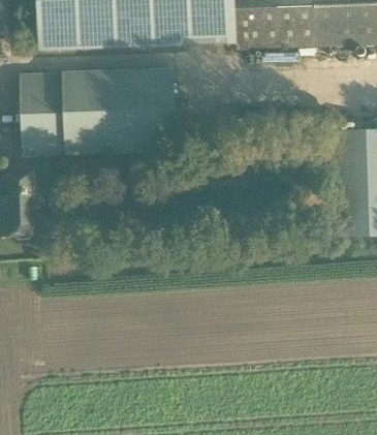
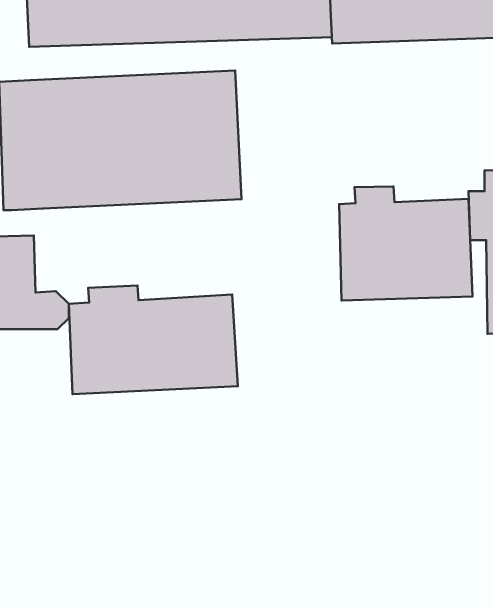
building: none -> [339,186,472,300]
building: none -> [69,285,238,394]

